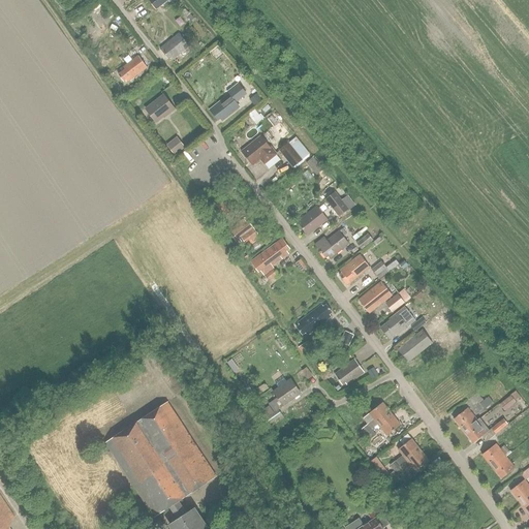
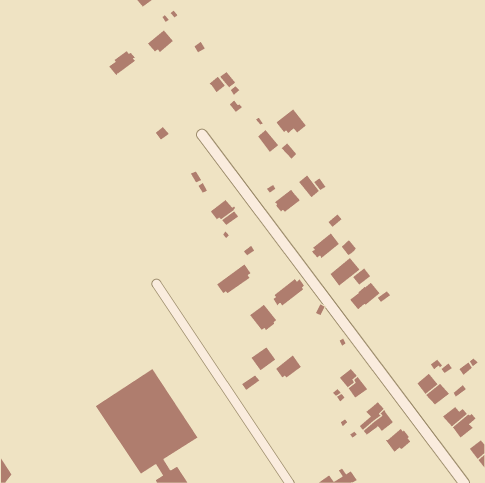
building: [146,93,175,121] -> none
building: [210,93,239,120] -> none
building: [241,134,275,162] -> [275,108,307,134]
building: [315,223,349,257] -> none
building: [251,238,289,271] -> [216,264,251,294]
building: [396,326,433,362] -> none
building: none -> [249,304,277,331]
building: [335,357,364,383] -> [275,355,302,378]
building: none -> [385,428,411,453]

